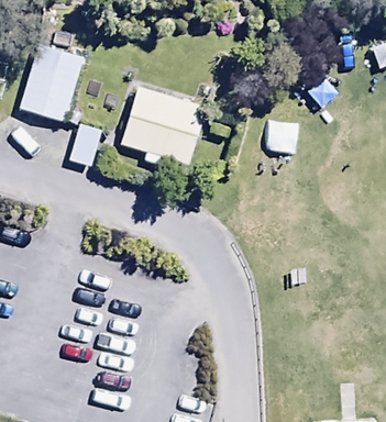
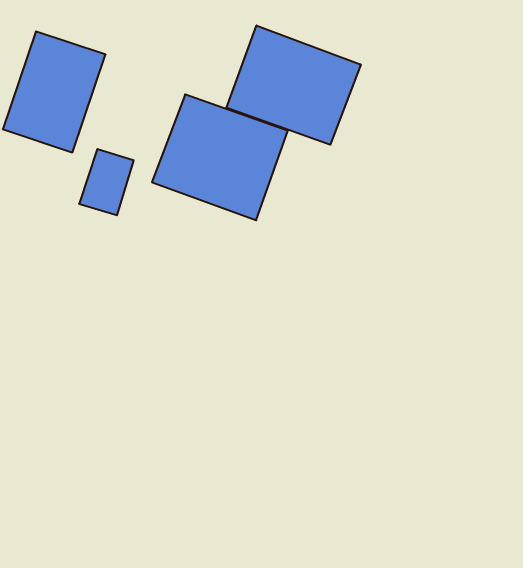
building: none -> [227,25,361,145]

